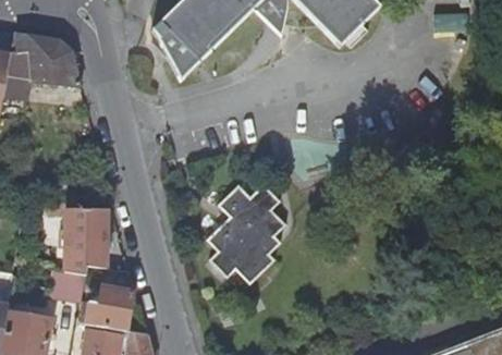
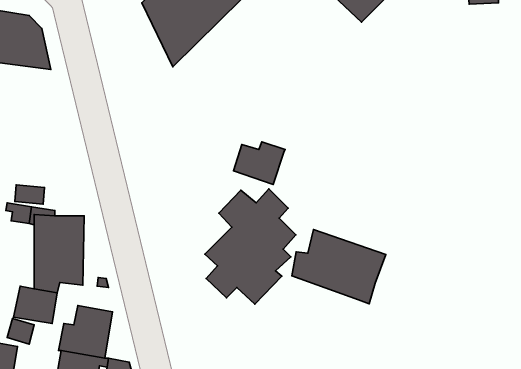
building: none -> [233,142,285,185]
building: none -> [292,230,386,304]

